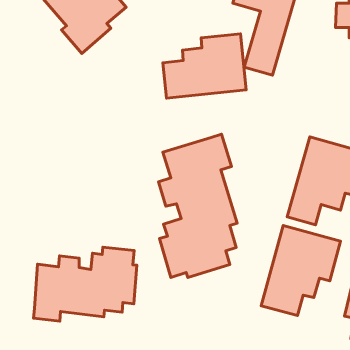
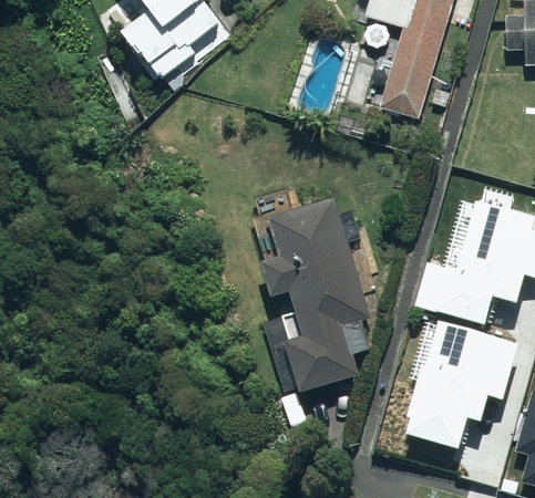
building: [163,34,246,98] -> none
building: [34,247,137,321] -> none

